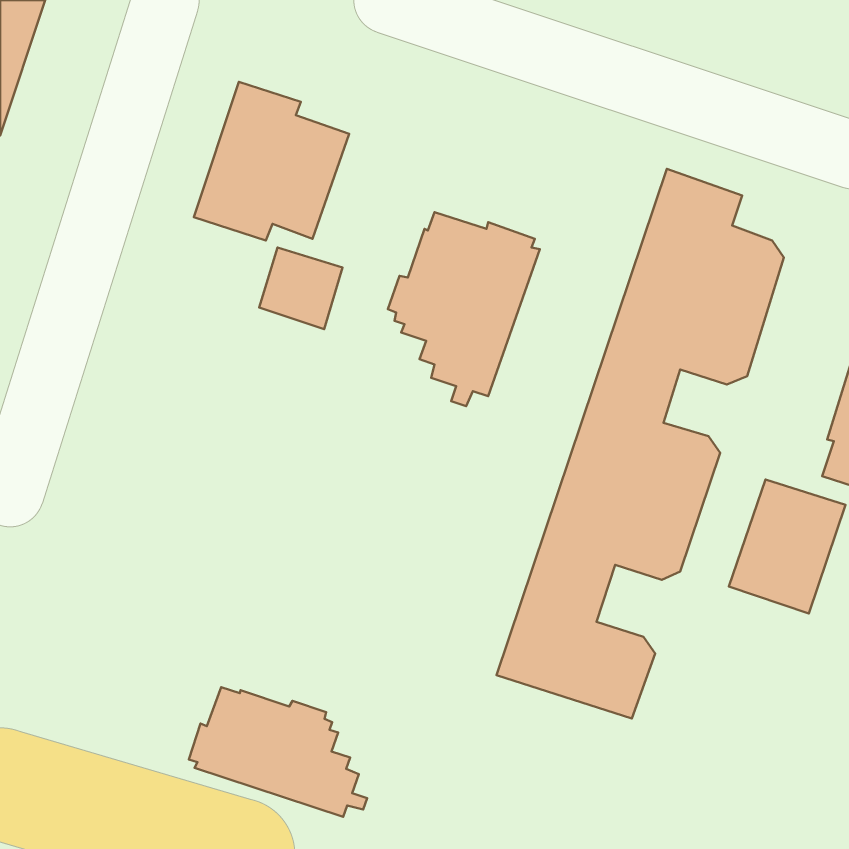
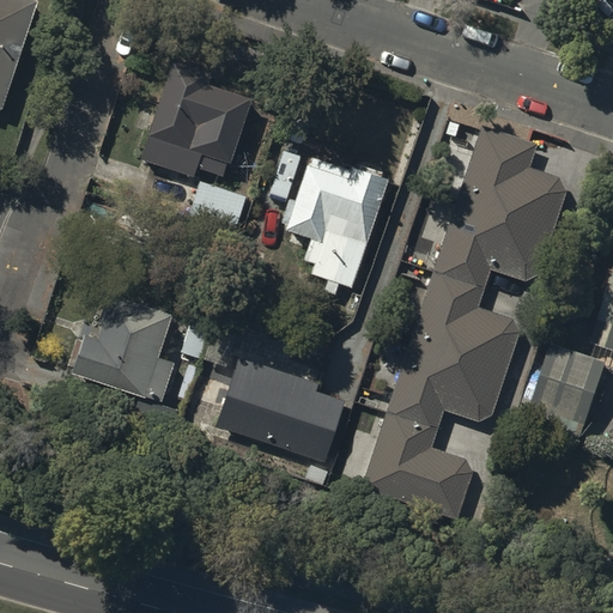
building: none -> [74,295,175,396]
building: none -> [216,357,345,463]
building: [189,687,367,817] -> none

